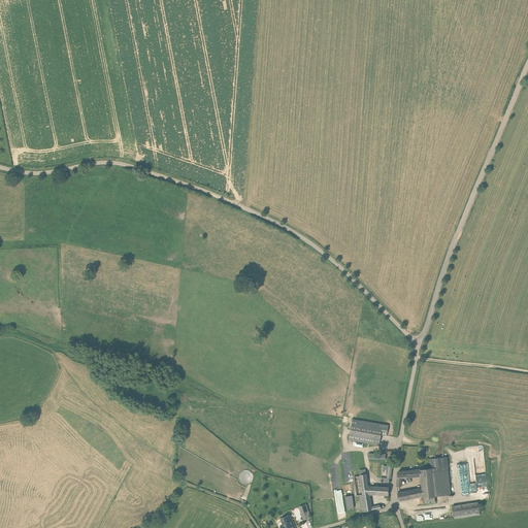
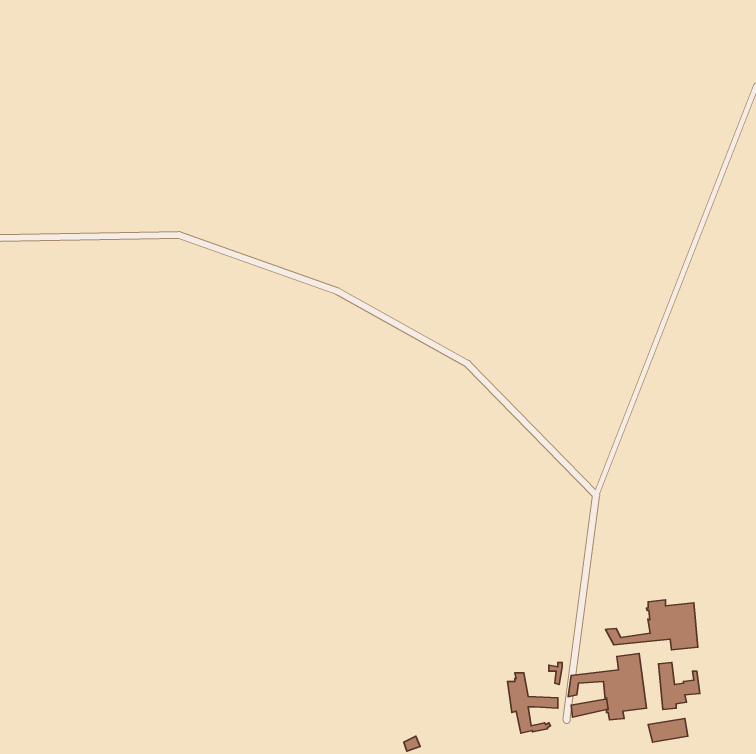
building: [349,418,388,444] -> none
building: none -> [606,600,698,650]

